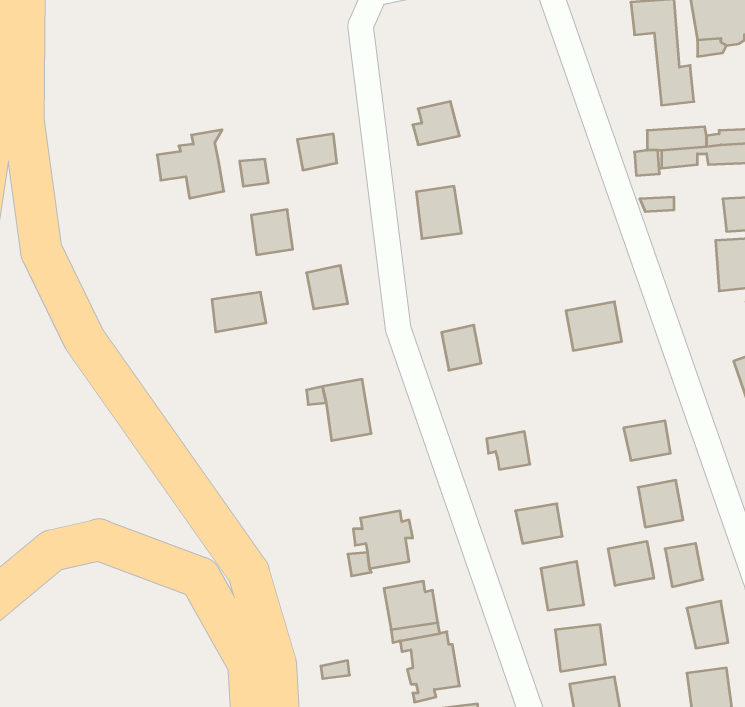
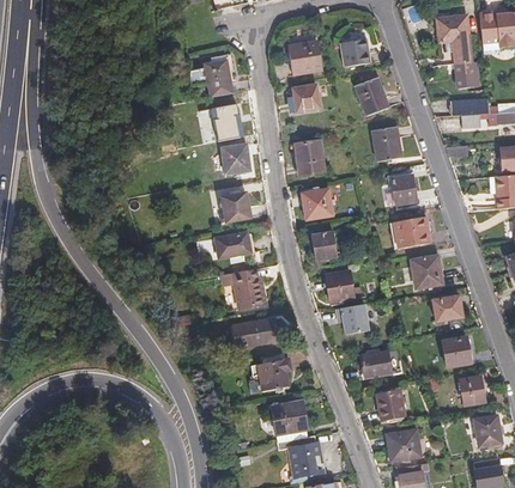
building: none -> [343,38,372,66]
building: none -> [289,39,322,78]
building: none -> [356,75,388,115]
building: [157,130,224,198] -> [189,54,234,99]
building: none -> [371,126,401,160]
building: [251,210,293,255] -> [223,145,250,175]
building: none -> [392,173,416,203]
building: none -> [303,189,332,219]
building: [212,292,266,332] -> [216,232,252,258]
building: none -> [412,255,443,287]
building: none -> [327,272,356,303]
building: none -> [234,317,278,346]
building: [608,541,654,586] -> none

